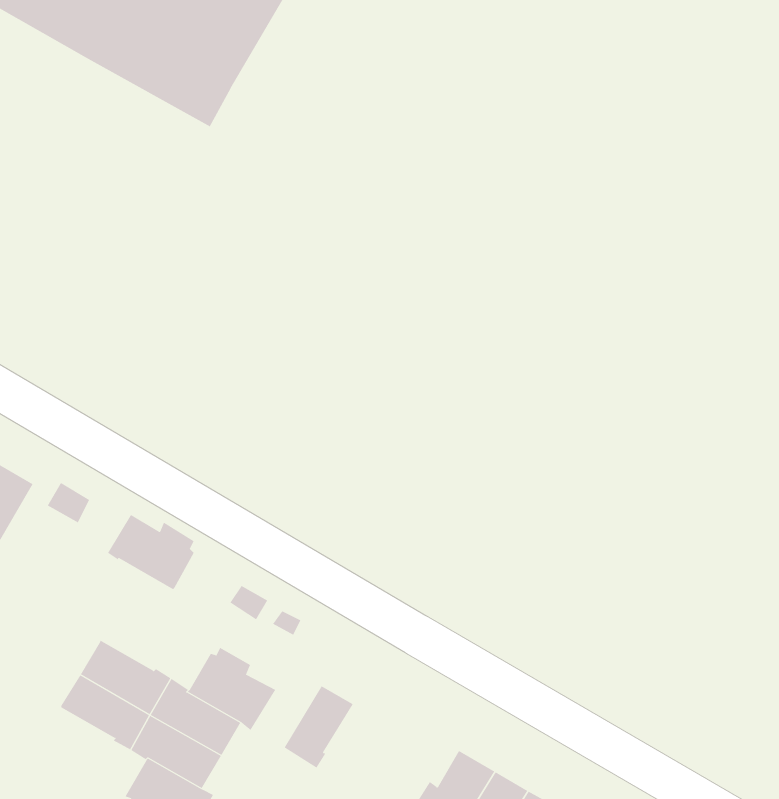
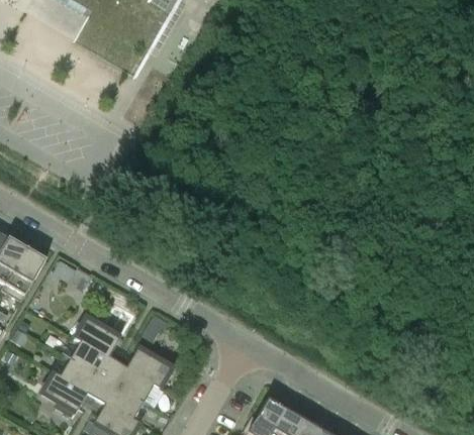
building: [107,514,194,590] -> [73,317,118,356]
building: [284,686,353,768] -> none
building: none -> [41,371,87,415]

